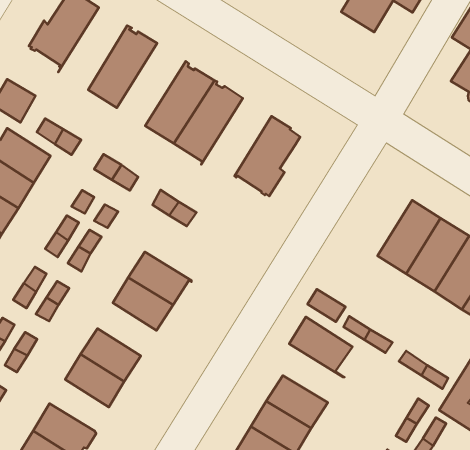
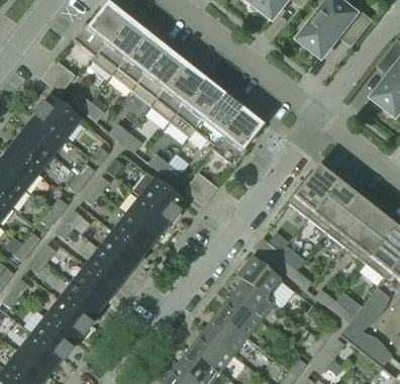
building: none -> [92,16,145,75]
building: none -> [131,46,185,105]
building: none -> [188,93,242,149]
building: none -> [288,165,337,217]
building: none -> [184,173,217,205]
building: none -> [132,172,184,220]
building: none -> [100,230,142,271]
building: none -> [229,274,274,319]
building: none -> [60,282,102,321]

